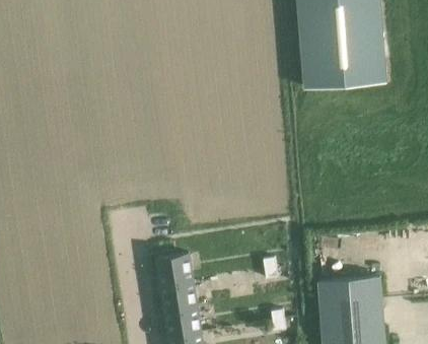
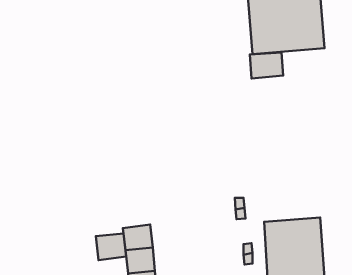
building: none -> [250,52,283,79]
building: [154,259,189,289] -> [96,233,126,260]

